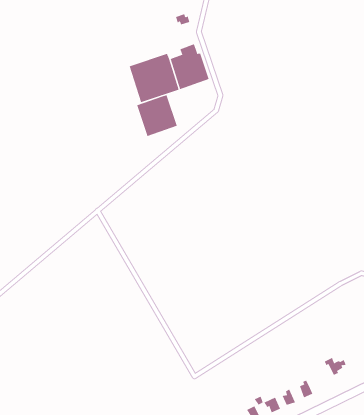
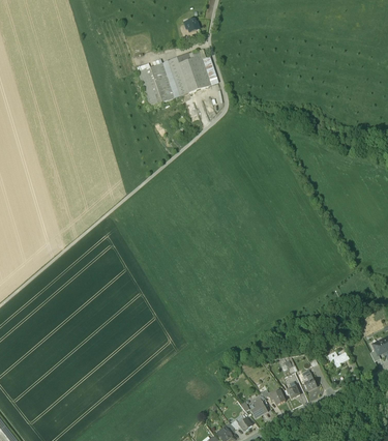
building: [136,94,177,137] -> none

